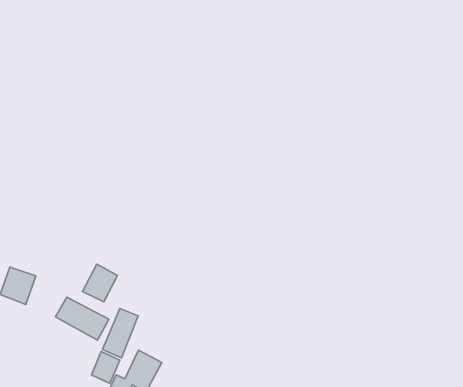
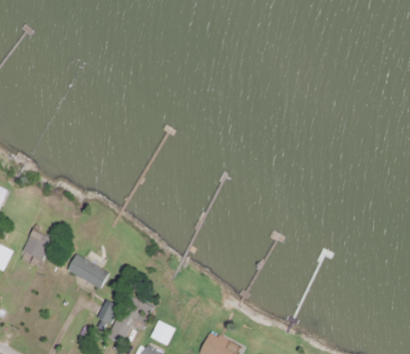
building: [82,264,117,302] -> none
building: [102,309,138,358] -> none

